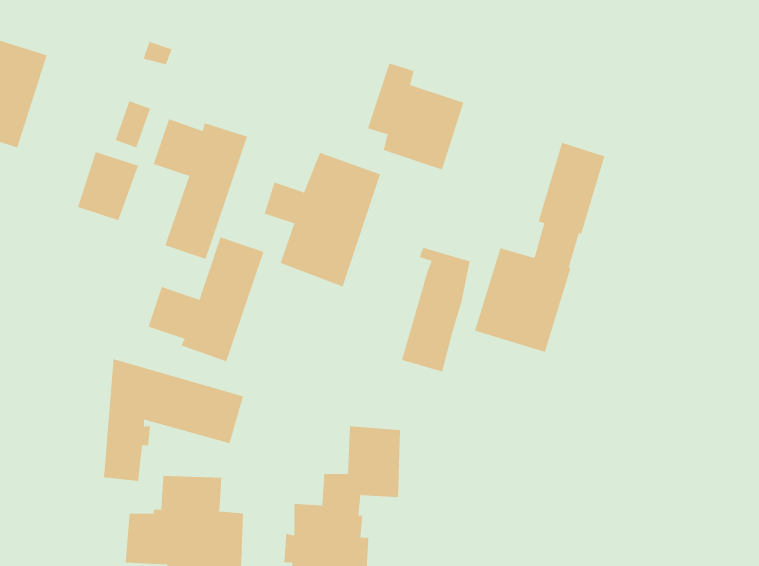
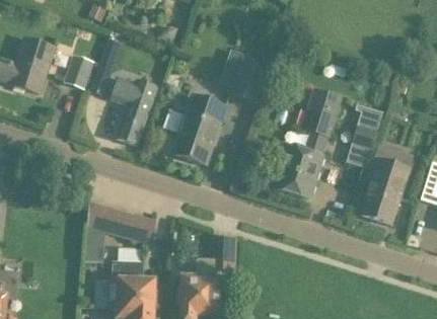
building: [77,152,139,221] -> [63,54,94,89]
building: [148,236,264,362] -> none
building: [401,247,471,372] -> [346,104,381,168]
building: none -> [362,156,412,225]

